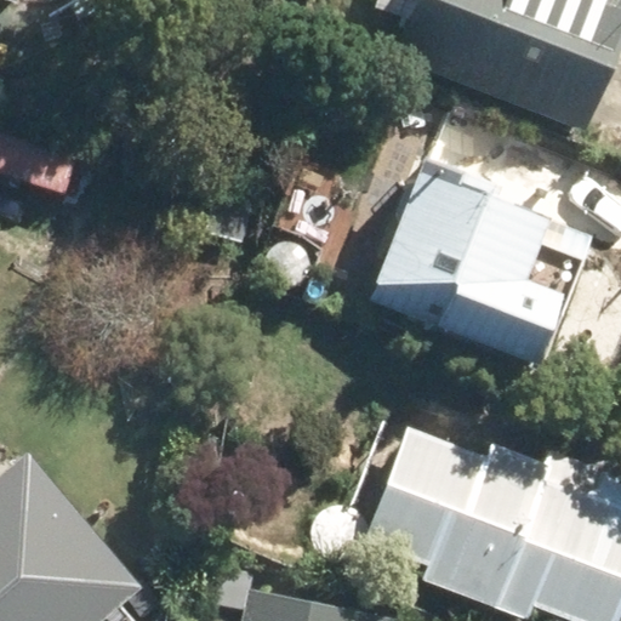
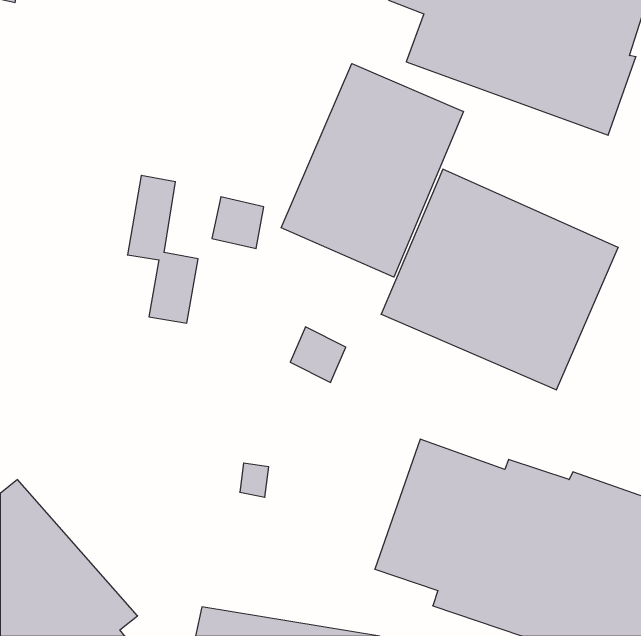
building: none -> [281,64,463,277]

